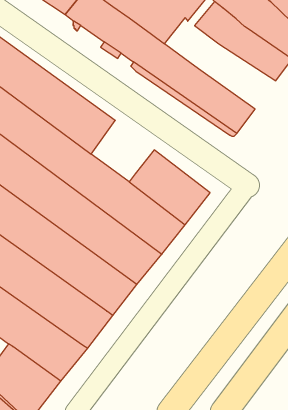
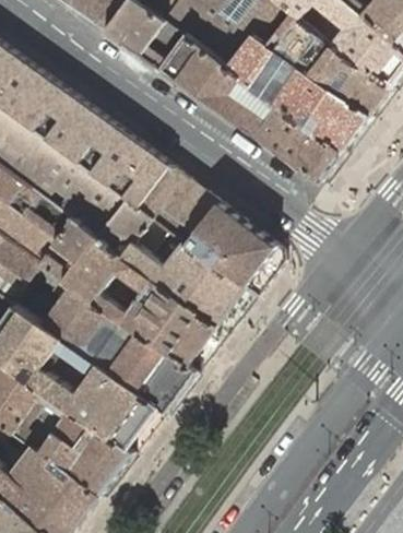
building: none -> [226,33,367,149]
building: none -> [133,163,213,230]

